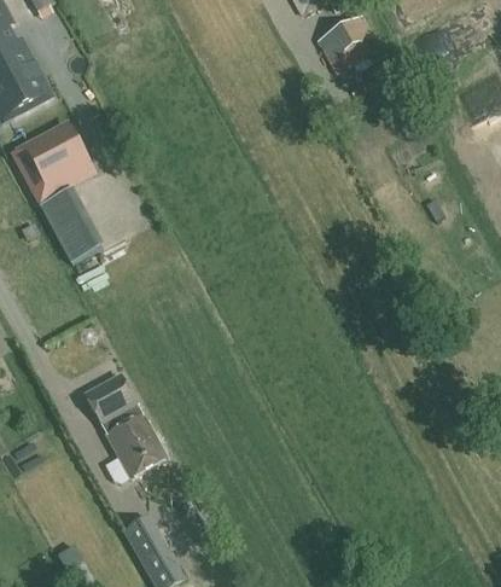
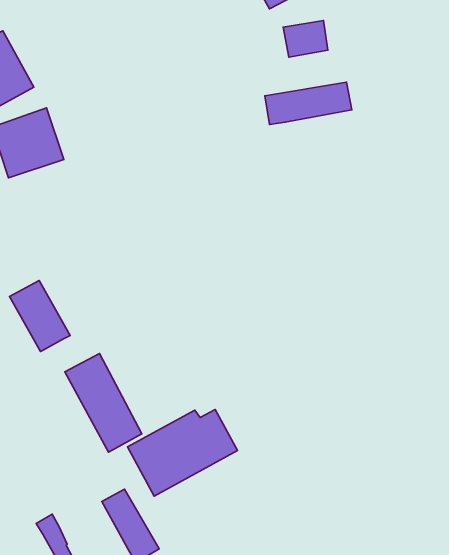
building: none -> [265,82,352,125]
building: [37,188,101,263] -> [9,280,70,352]
building: none -> [127,409,238,496]

